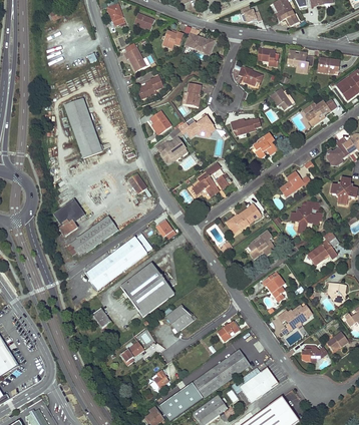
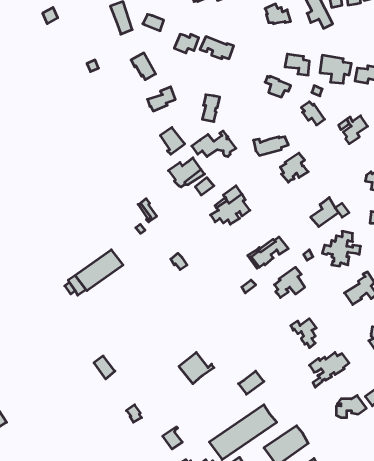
building: [64,97,101,157] -> none
building: [53,198,85,235] -> none
building: [85,234,151,290] -> none
building: [120,262,173,315] -> none

